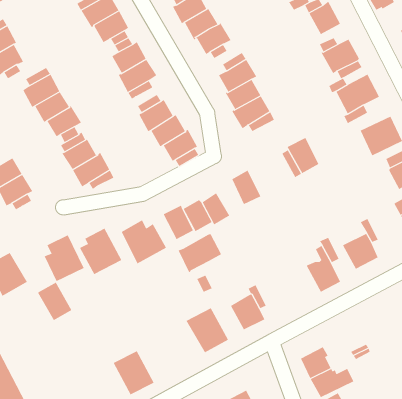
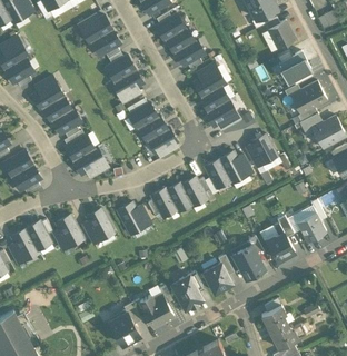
building: none -> [218,152,250,184]
building: [178,233,222,273] -> none
building: none -> [227,243,264,281]
building: [37,282,72,321] -> [22,219,51,251]
building: none -> [141,295,176,330]

